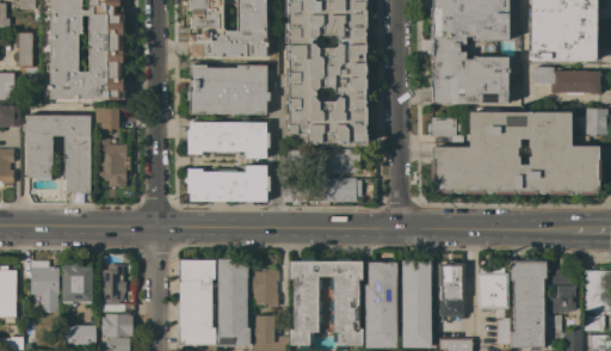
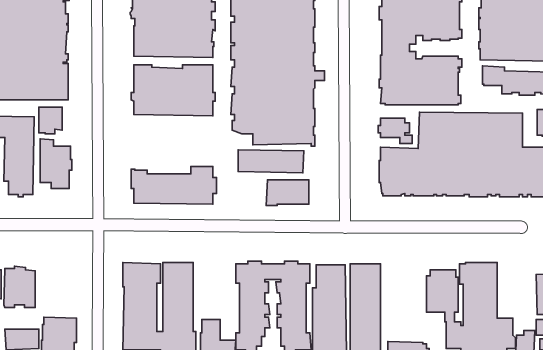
building: [187,122,270,158] -> none
building: [438,260,465,327] -> none
building: [99,264,125,304] -> none
building: [253,269,279,307] -> none
building: [550,269,576,312] -> none

